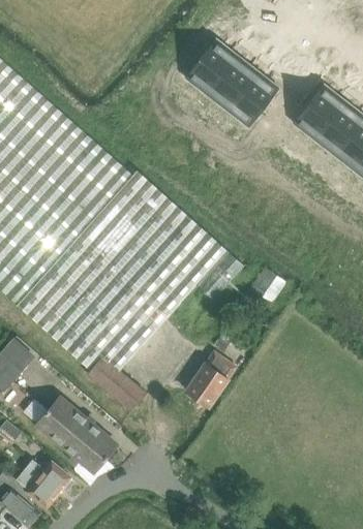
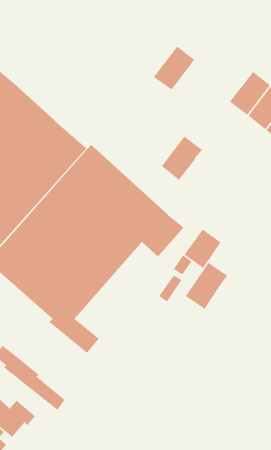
building: [184,38,235,92] -> none
building: [229,72,278,126] -> [161,136,204,183]
building: [185,352,235,407] -> [185,262,228,310]
building: [48,397,119,462] -> none

